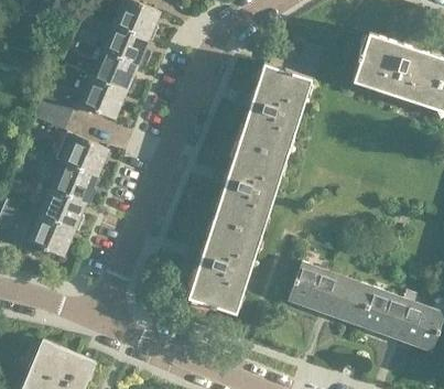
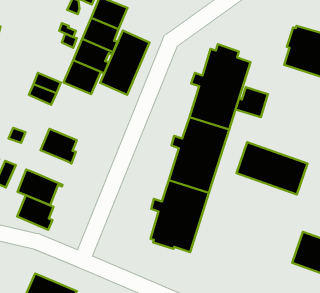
building: none -> [100,31,150,95]
building: none -> [236,87,268,117]
building: [55,132,107,176] -> none
building: [40,188,85,231] -> [17,195,53,230]
building: [289,263,377,328] -> [237,142,307,194]

